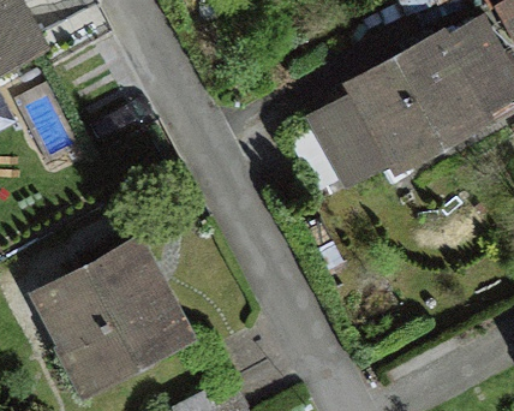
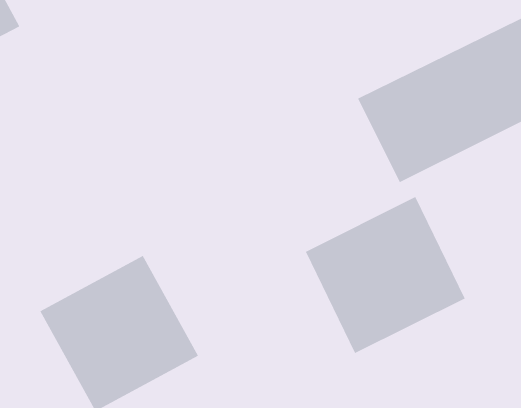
building: none -> [305,196,465,354]

